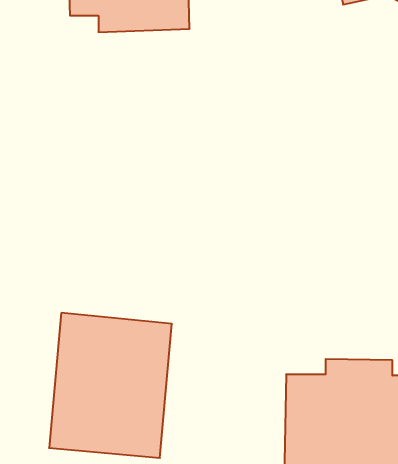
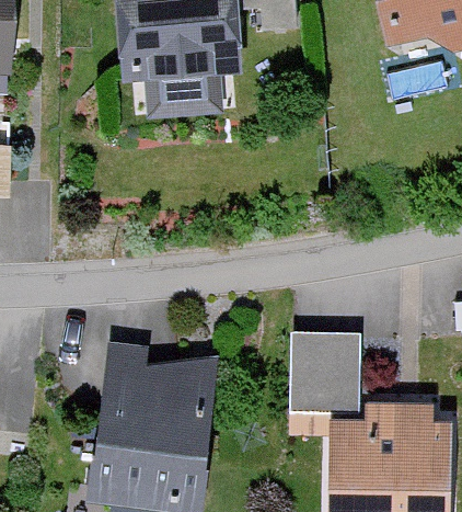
building: none -> [296,339,360,412]

